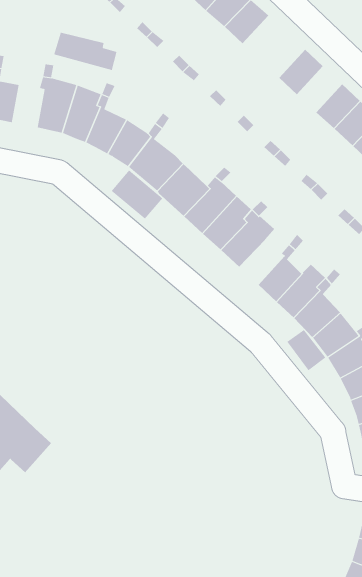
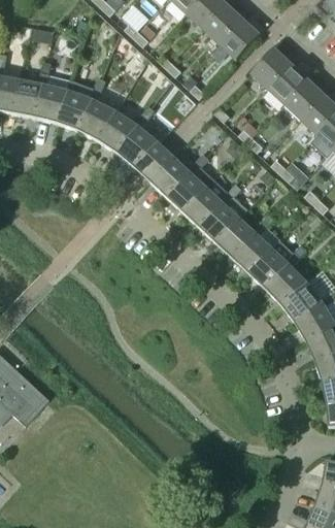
building: none -> [219,18,259,59]
building: [54,32,117,71] -> none
building: none -> [267,63,307,104]
building: none -> [13,79,41,118]
building: [111,170,163,220] -> none
building: none -> [215,218,256,258]
building: [286,329,326,371] -> none

